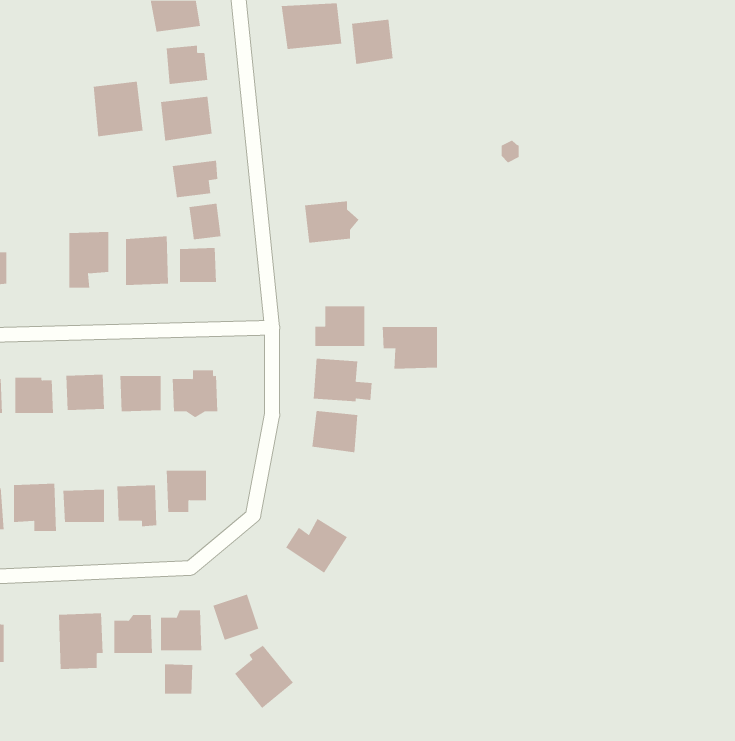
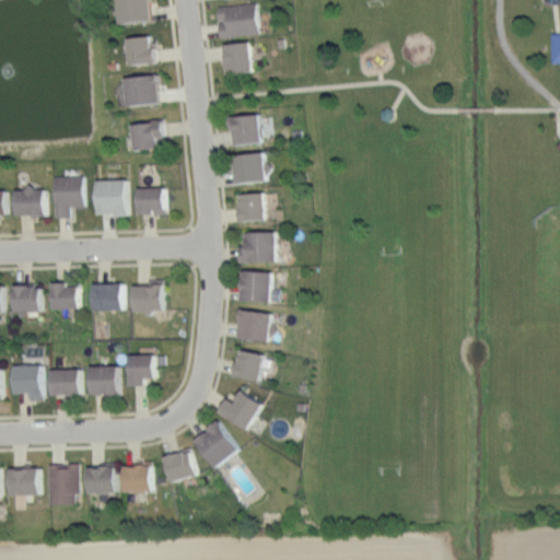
building: [351,19,393,64] -> [219,43,250,77]
building: [93,81,143,137] -> none
building: none -> [226,115,260,147]
building: [189,203,221,240] -> none
building: none -> [12,186,45,218]
building: none -> [236,192,262,220]
building: [382,326,438,369] -> none
building: none -> [231,349,264,382]
building: none -> [7,468,39,497]
building: [234,645,294,709] -> [192,420,237,468]
building: [164,663,193,694] -> none

